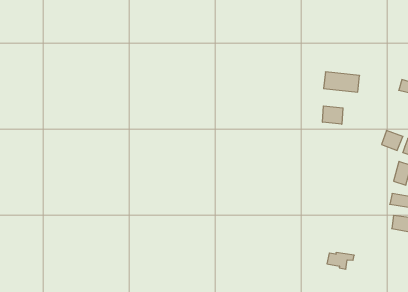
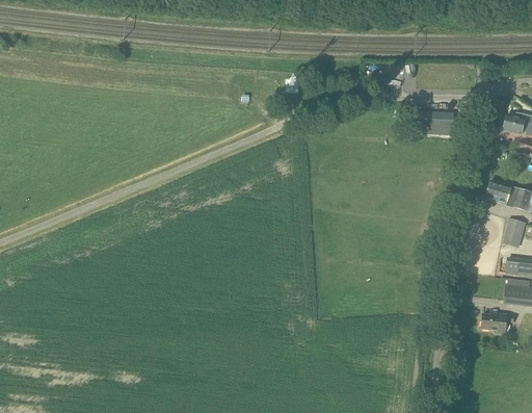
building: [323,106,343,124] -> none
building: [327,253,354,269] -> [481,312,514,332]

